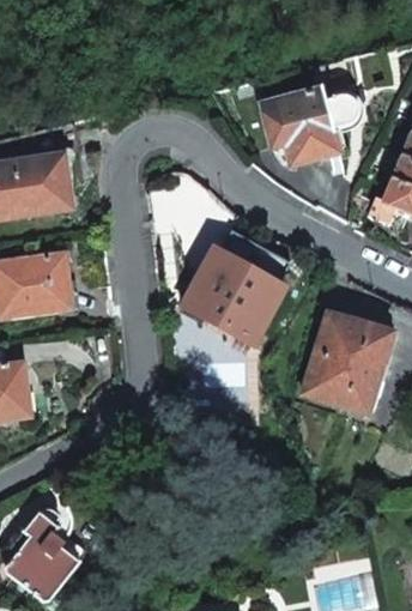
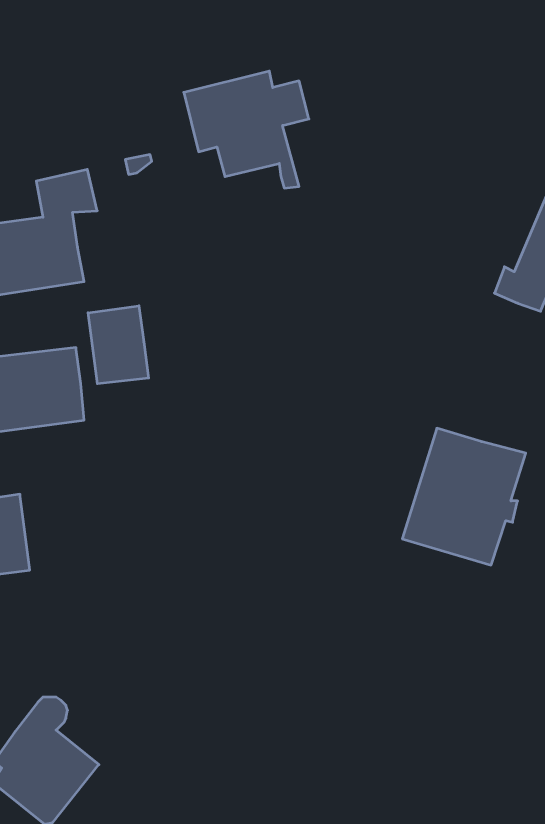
building: [261,87,352,173] -> [184,71,309,188]
building: none -> [88,306,149,384]
building: [183,249,284,344] -> none

